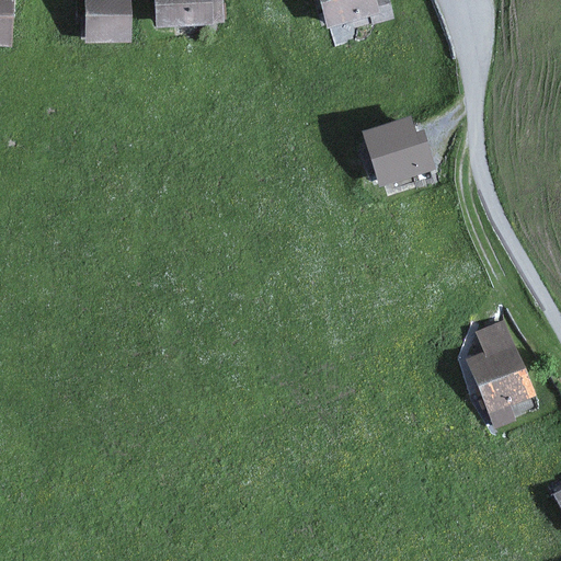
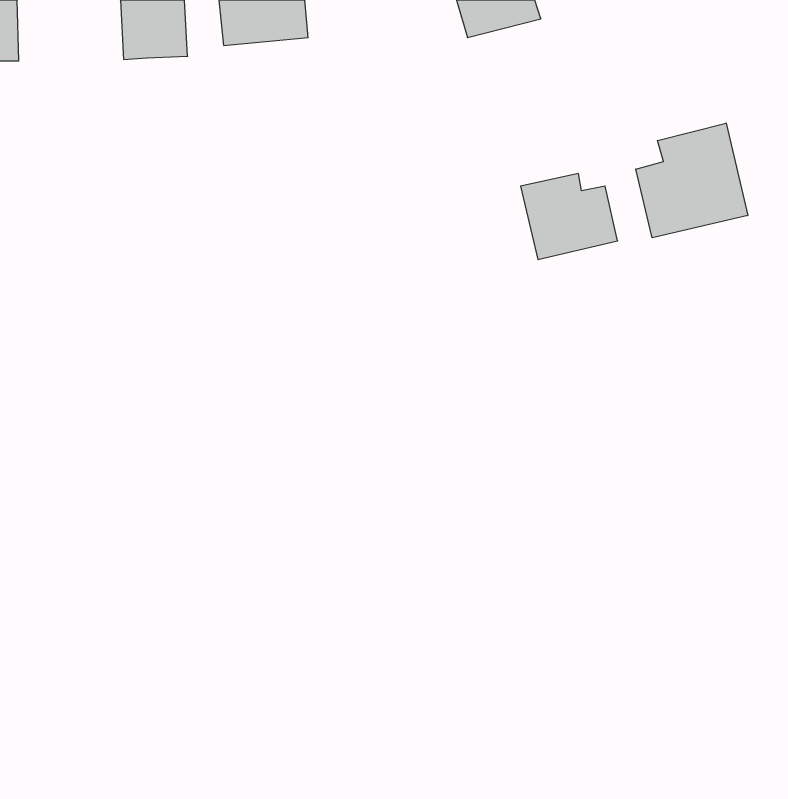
building: none -> [636,123,748,238]
building: [466,320,529,427] -> none

